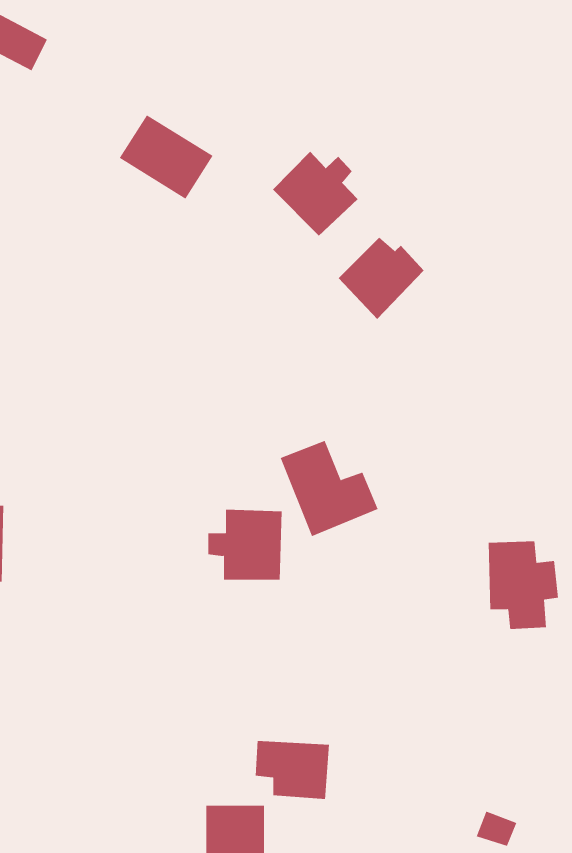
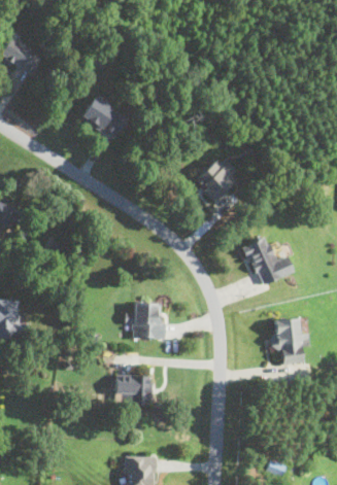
building: [272,151,358,237] -> none
building: [280,440,379,537] -> [242,236,294,286]
building: [255,740,330,800] -> [114,374,154,405]

